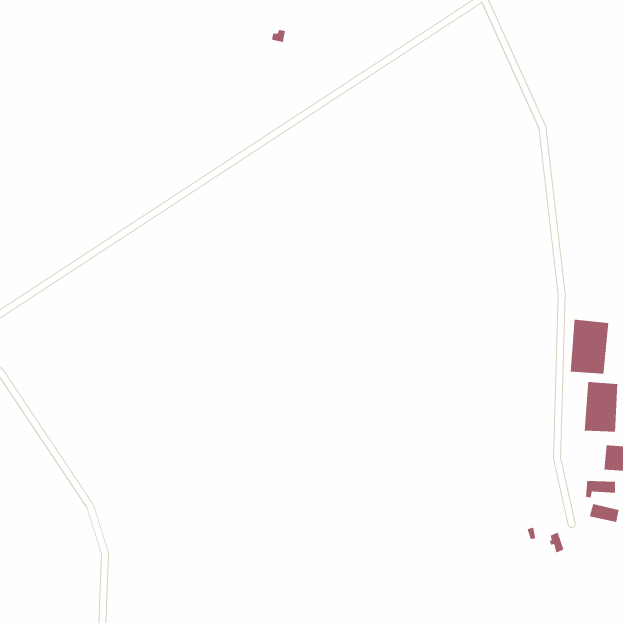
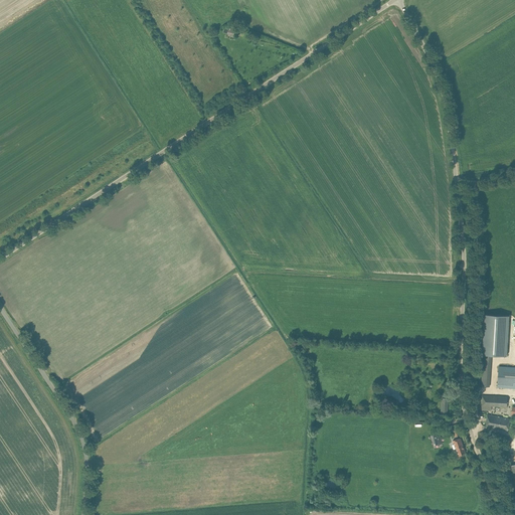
building: [570,319,609,374] -> none

